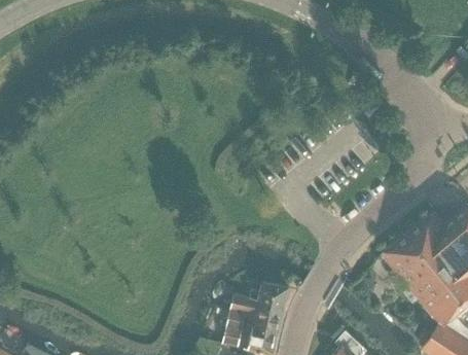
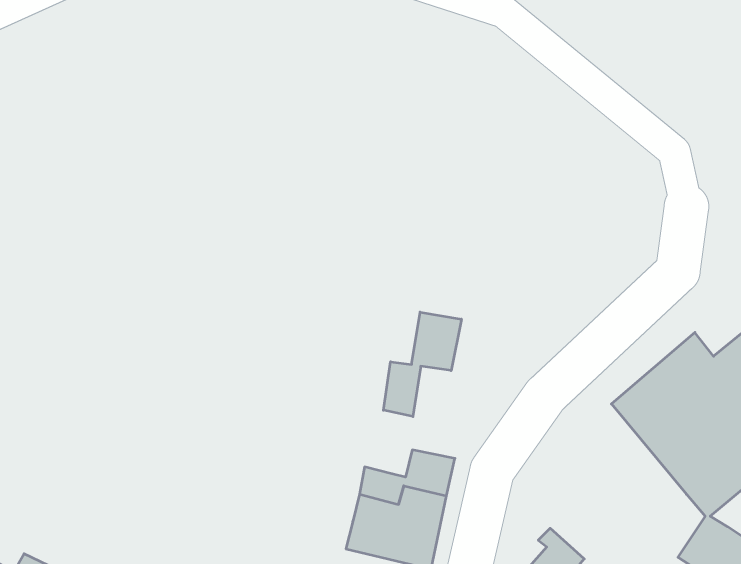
building: none -> [383,312,461,417]

